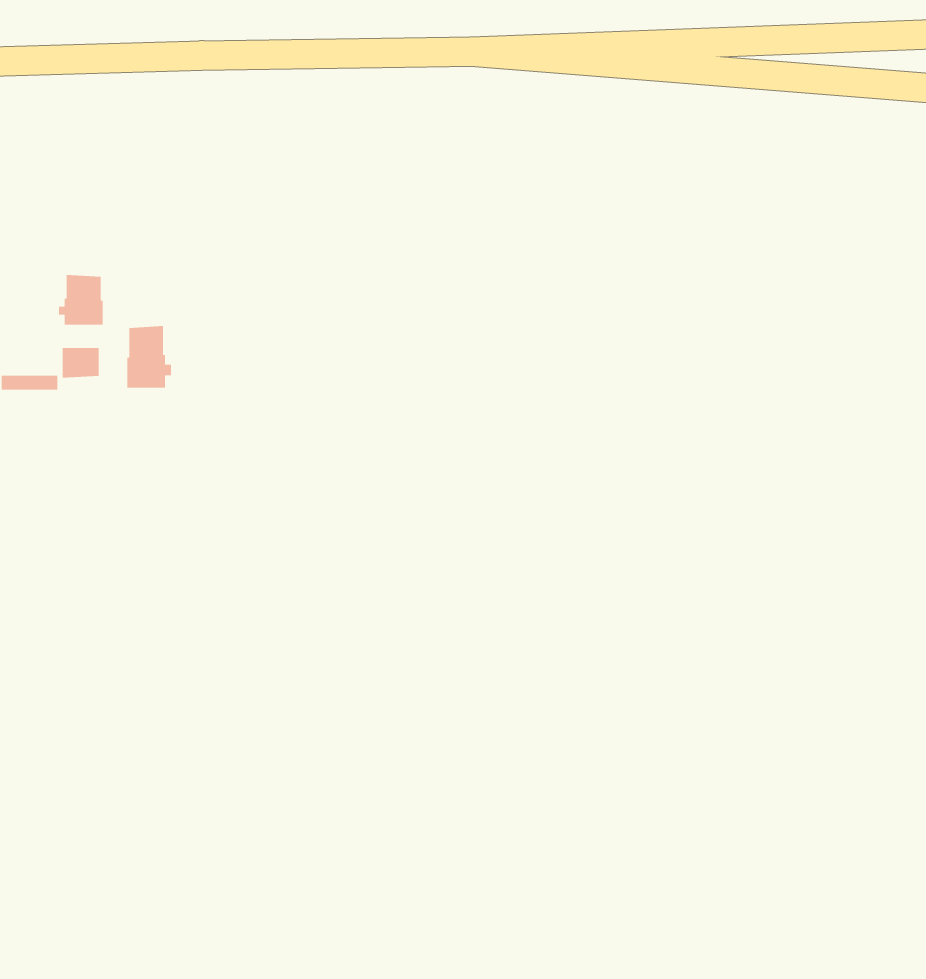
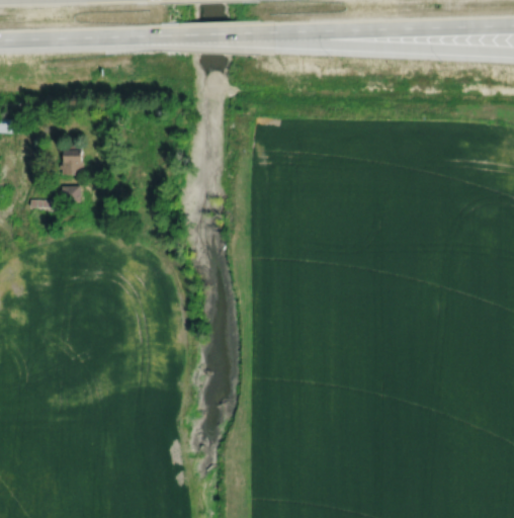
building: [127,325,172,388] -> none

